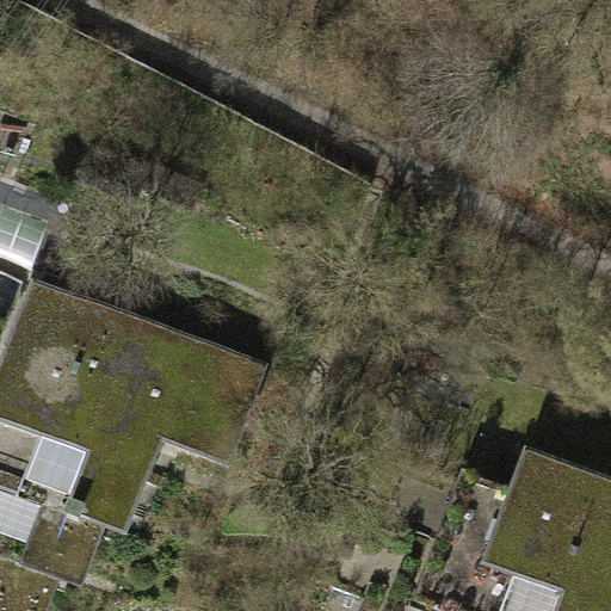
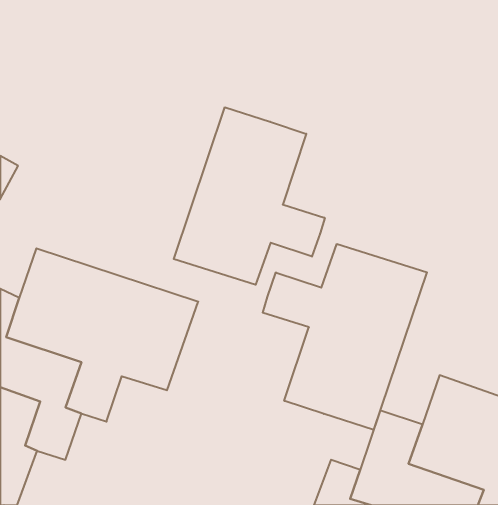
building: none -> [174,107,325,285]
building: none -> [263,244,427,430]

